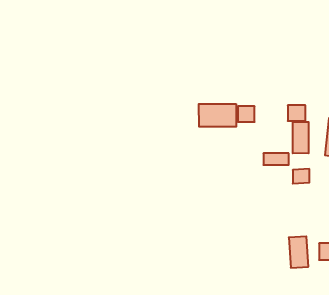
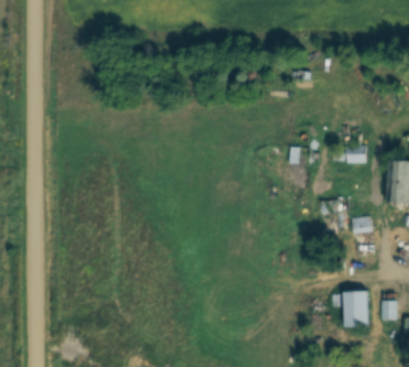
building: [199,104,236,127] -> none
building: [293,122,309,153] -> none

